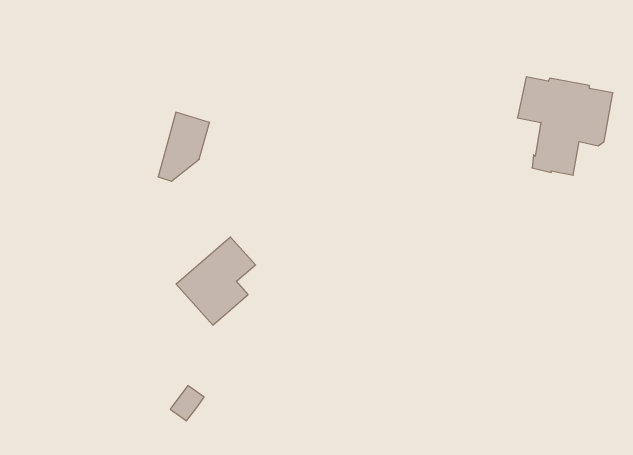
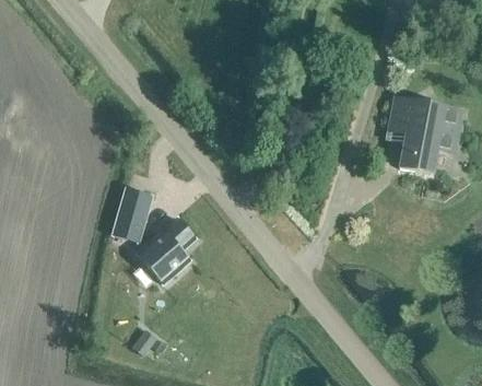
building: [158,112,210,181] -> [113,183,151,234]

